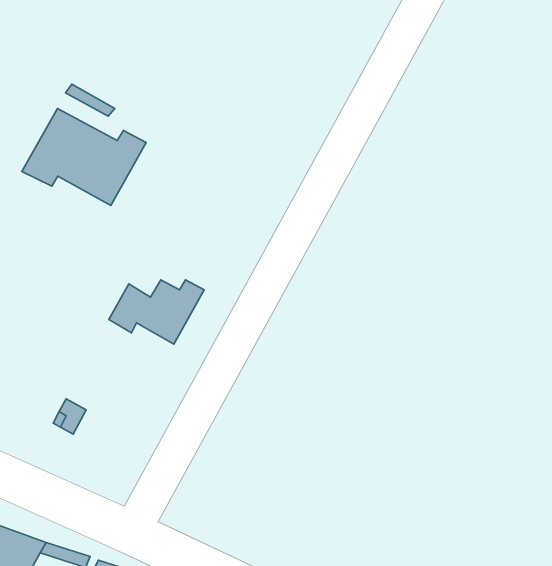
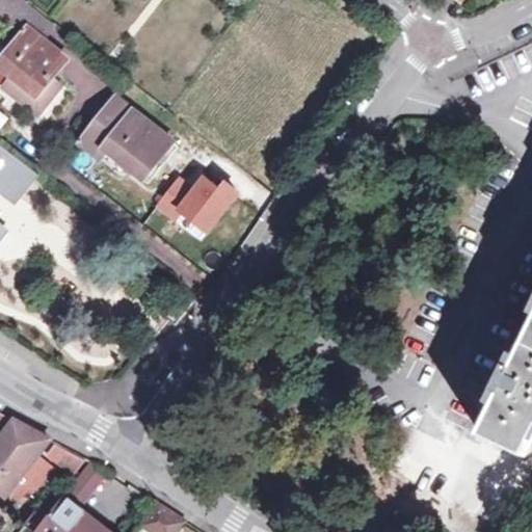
building: [109,280,204,344] -> [156,179,236,233]

